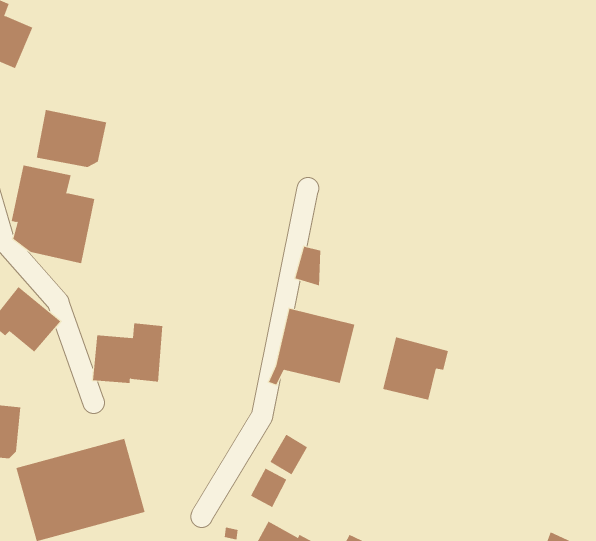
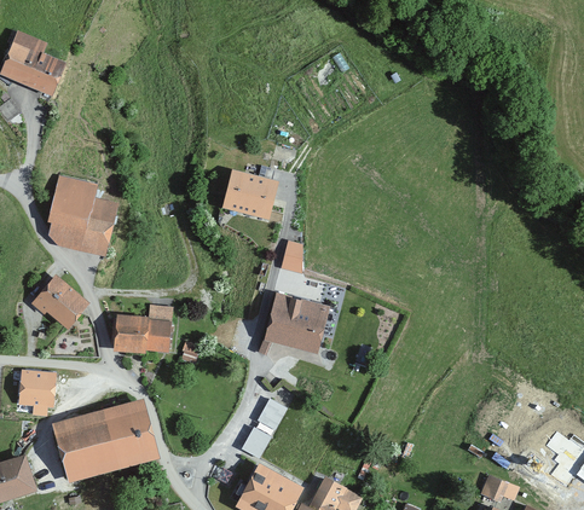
building: [36,109,107,168] -> none
building: none -> [221,170,278,220]
building: [383,336,449,400] -> none

